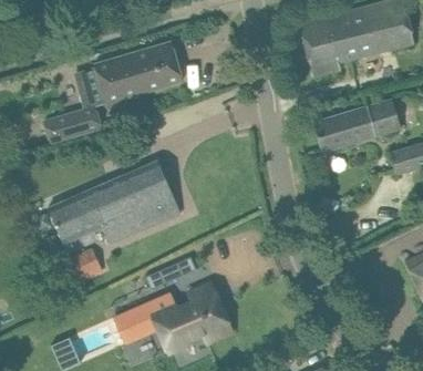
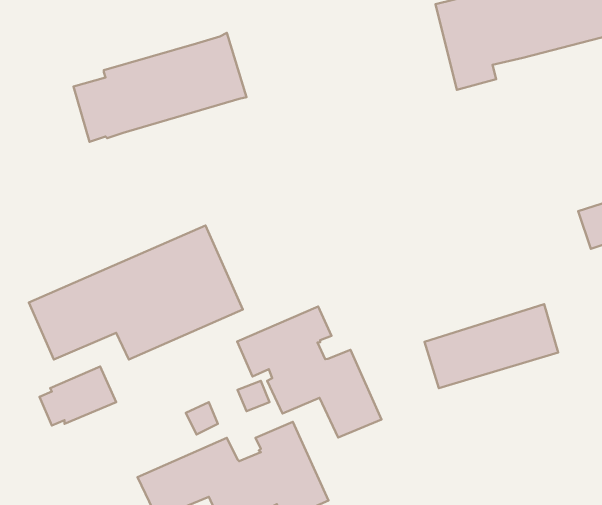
building: [312,100,395,152] -> [424,304,558,388]
building: [43,105,103,145] -> none
building: none -> [237,307,381,437]

